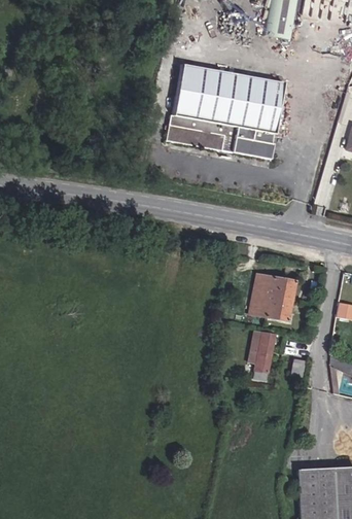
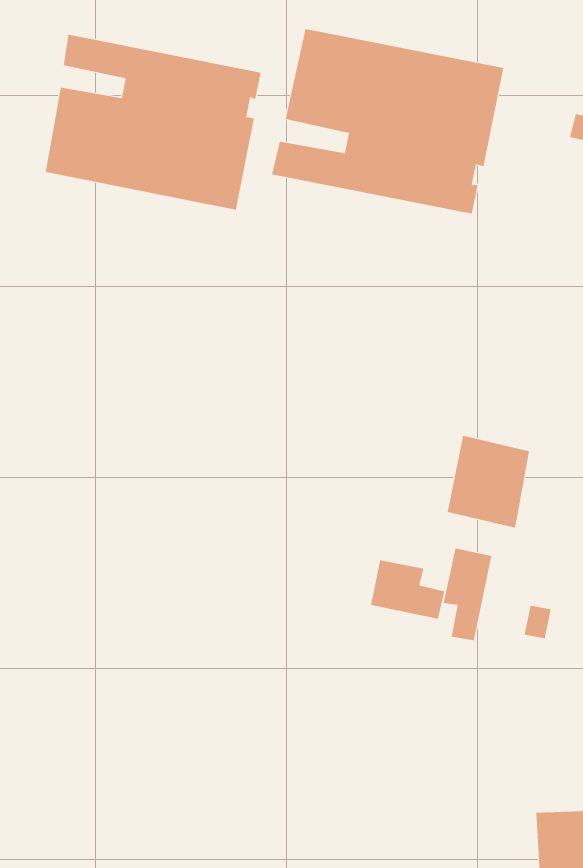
building: none -> [45,34,261,210]
building: none -> [370,559,445,620]

